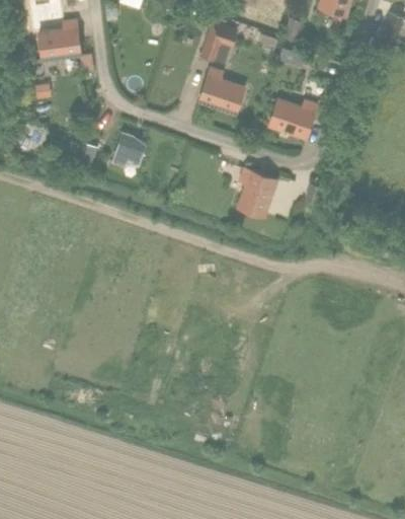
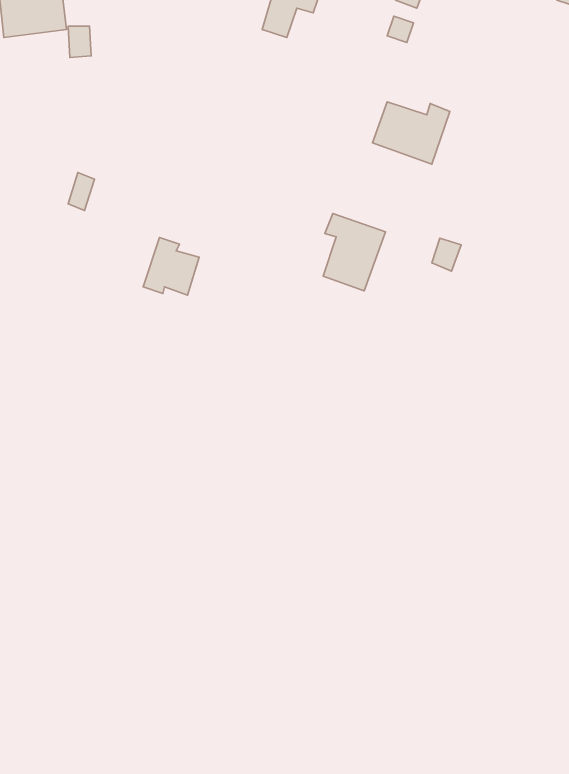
building: [199,68,245,114] -> none
building: [112,131,147,166] -> [143,238,199,295]

